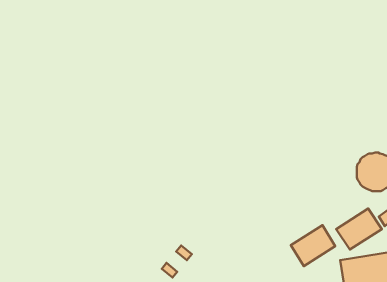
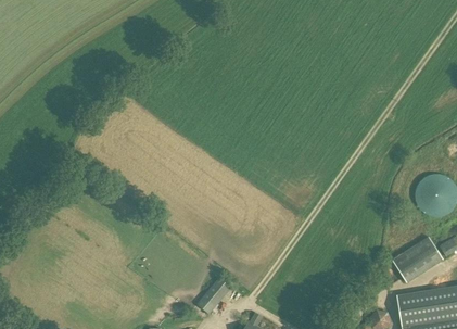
building: [291,225,335,266] -> none

